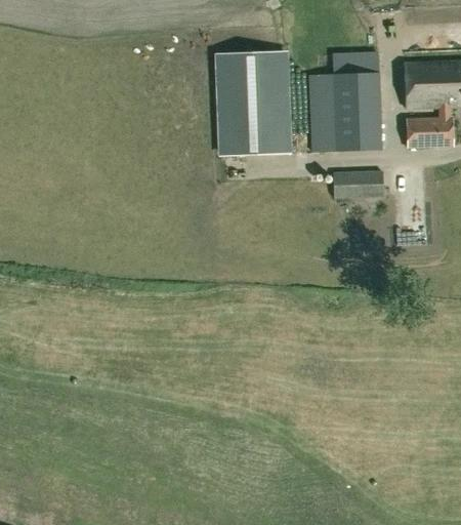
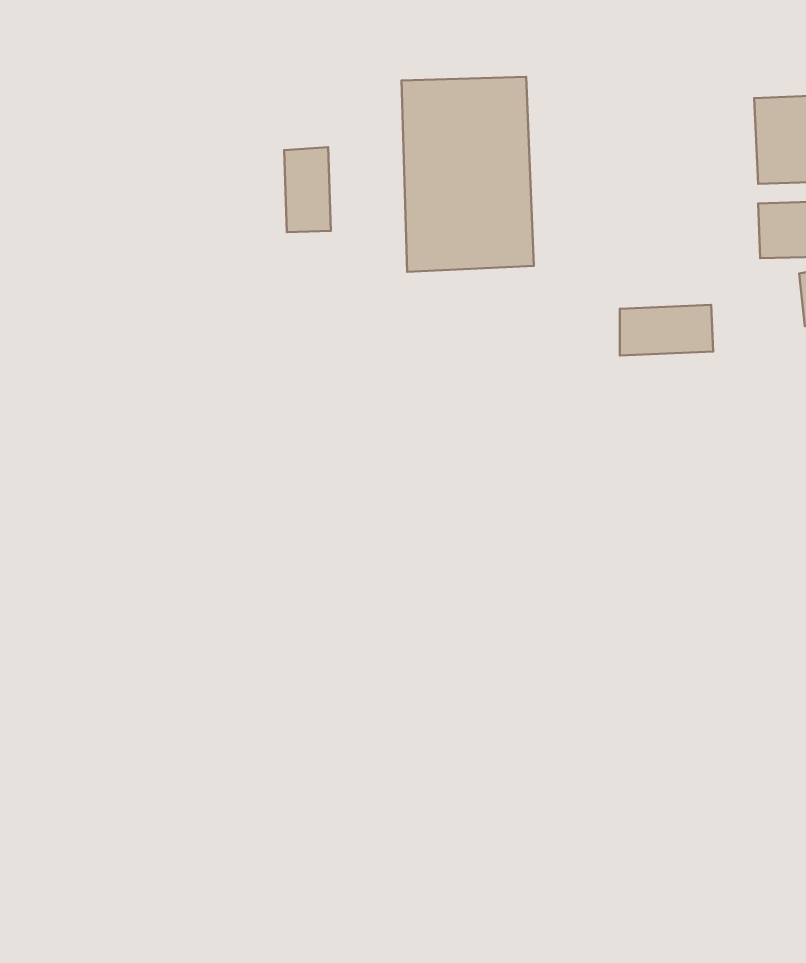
building: [308,52,380,152] -> none
building: none -> [284,147,331,232]

